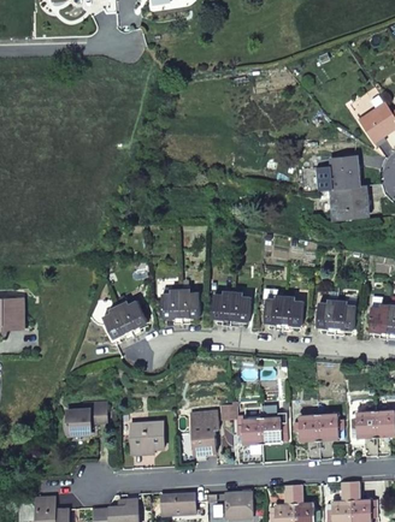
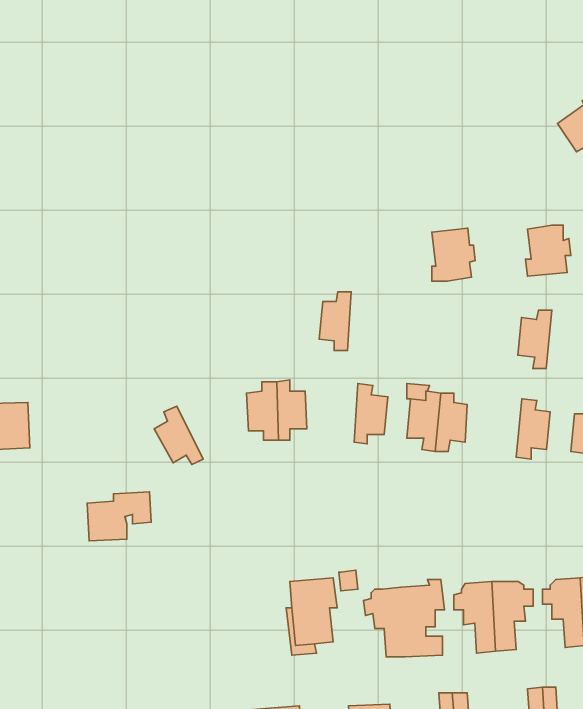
building: [330,155,358,189] -> [432,228,475,281]
building: [211,287,231,325] -> [319,292,351,350]
building: [314,297,336,334] -> [518,310,552,368]
building: [116,298,146,336] -> none
building: [64,403,105,434] -> [87,492,151,541]
building: [128,422,161,450] -> none

